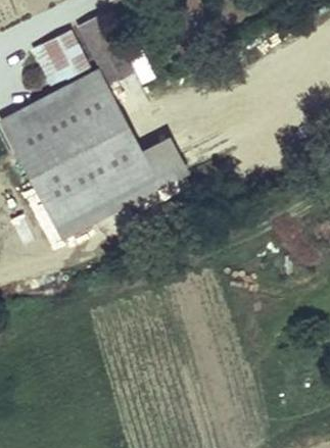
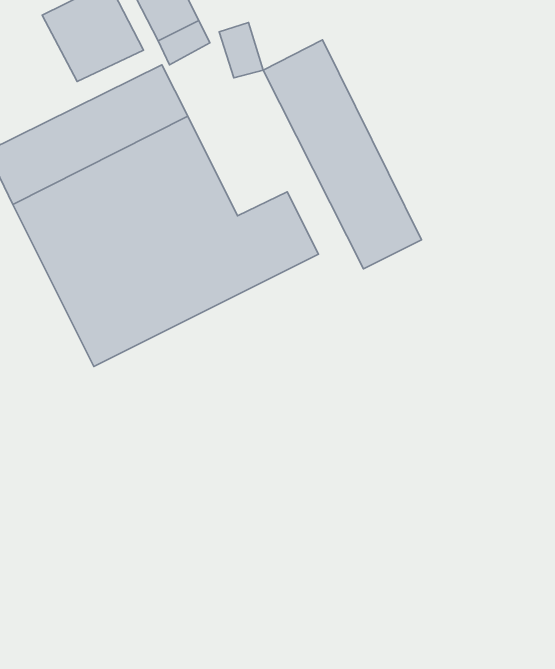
building: none -> [263,40,422,269]

